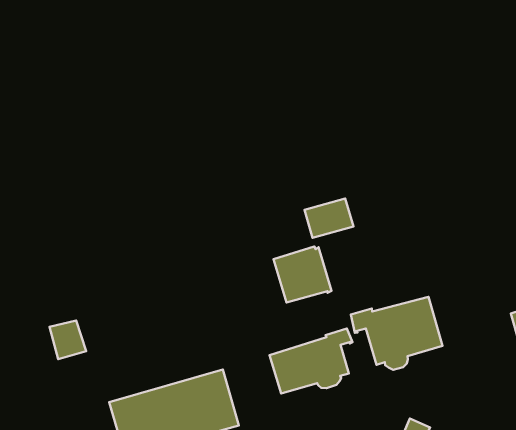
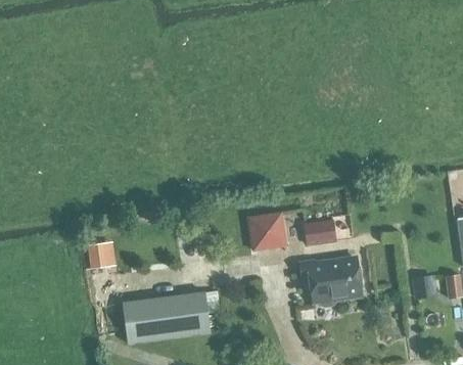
building: [305,199,353,238] -> [305,221,337,245]
building: [270,328,352,394] -> none

